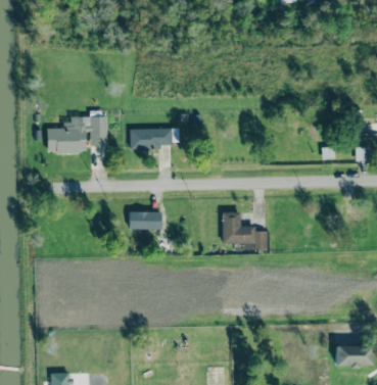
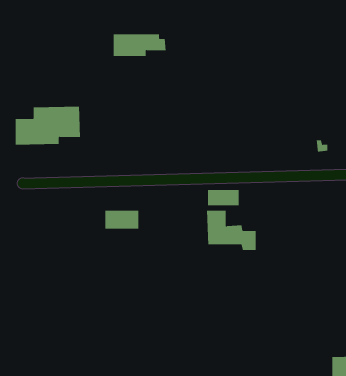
building: [131,129,180,149] -> [113,34,167,56]
building: none -> [207,189,239,206]

